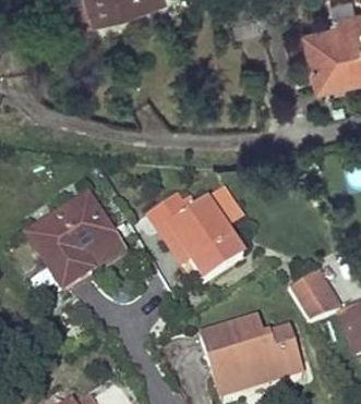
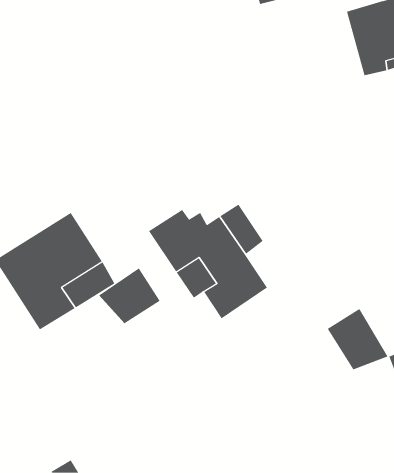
building: none -> [98,268,161,324]
building: [200,318,298,393] -> none

